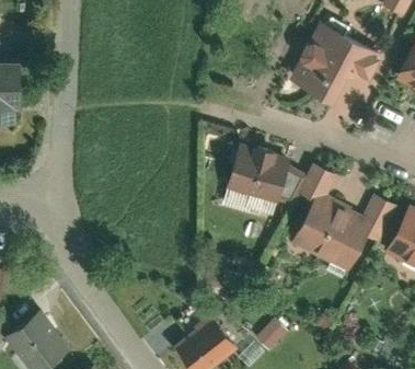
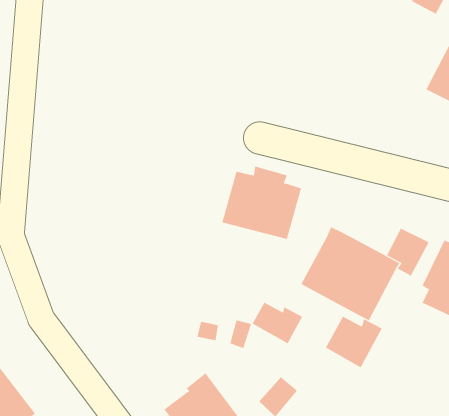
building: [289,20,385,104] -> none
building: [297,164,338,204] -> none
building: none -> [252,302,303,344]
building: none -> [325,316,382,368]

